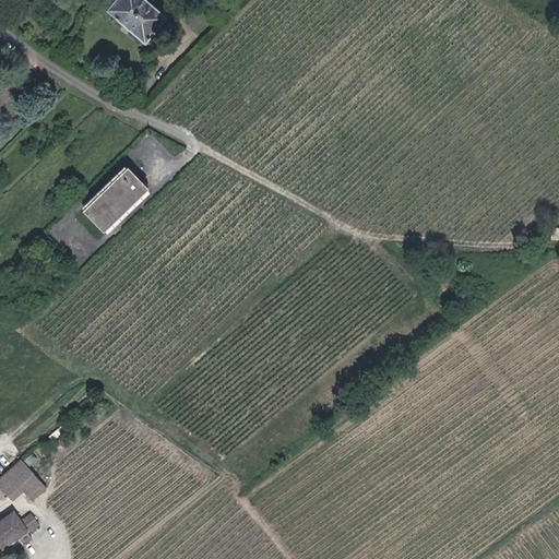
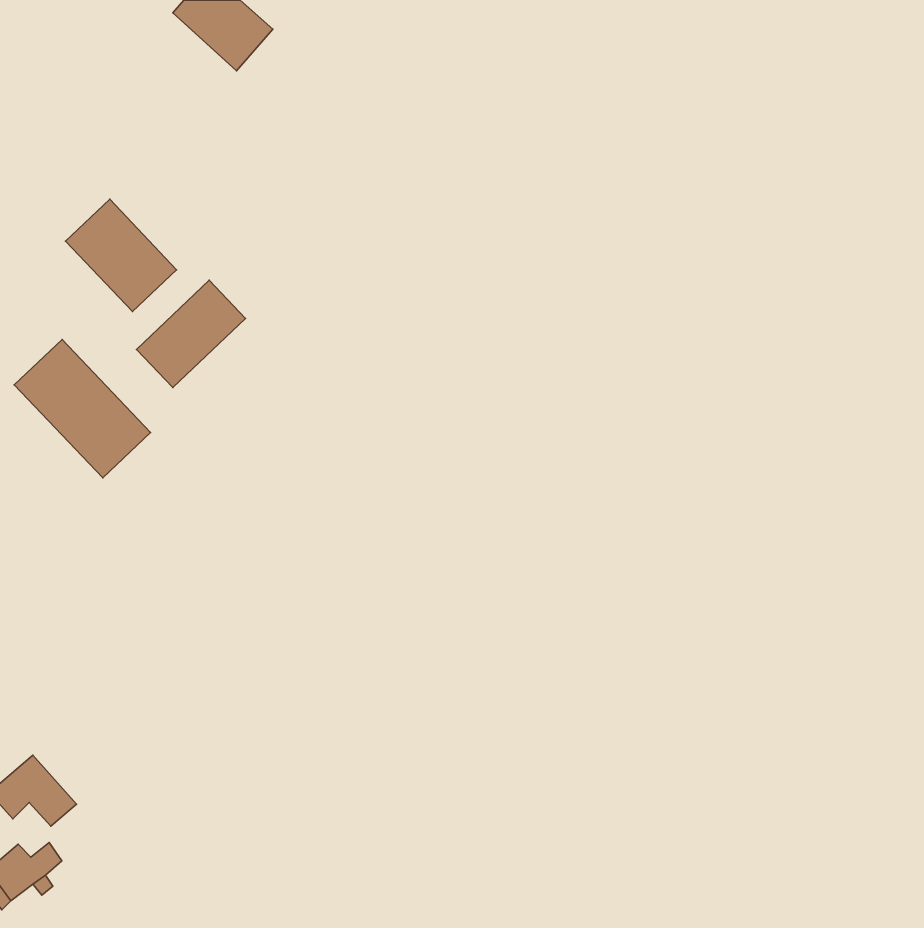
building: none -> [66,199,177,312]
building: none -> [14,339,151,478]

